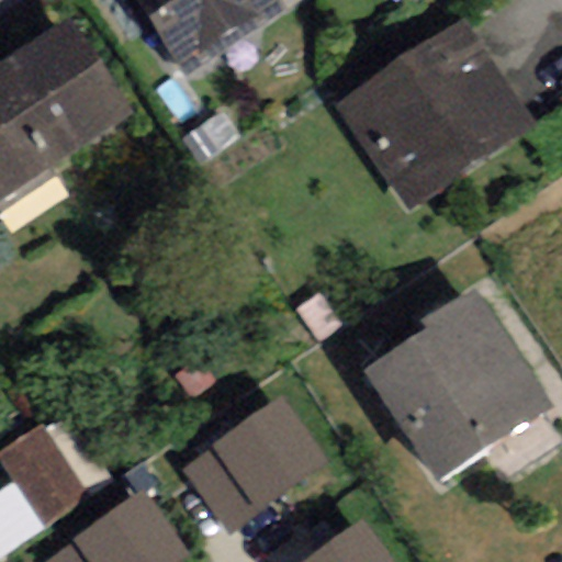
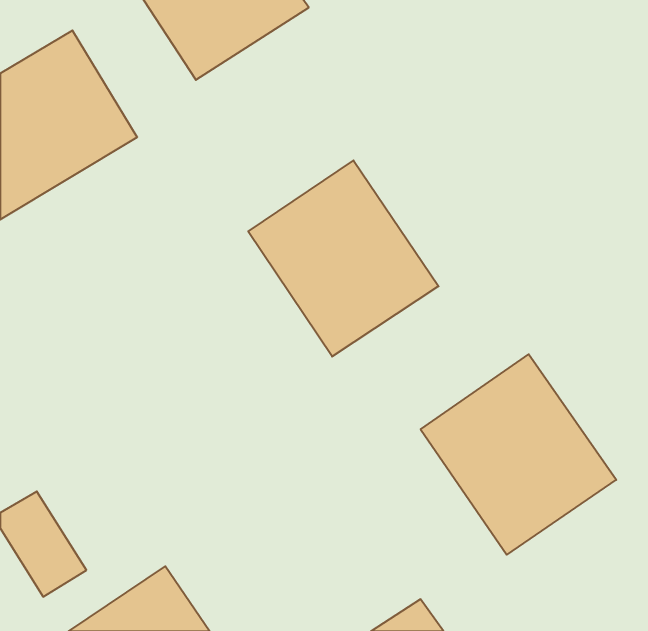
building: [350,33,518,195] -> none
building: none -> [248,160,439,357]
building: [184,395,329,529] -> none

